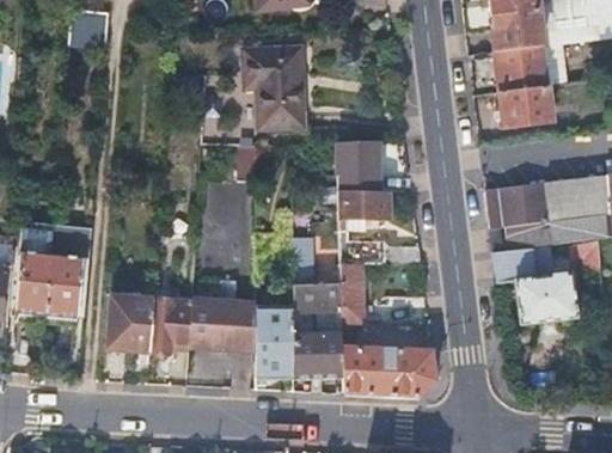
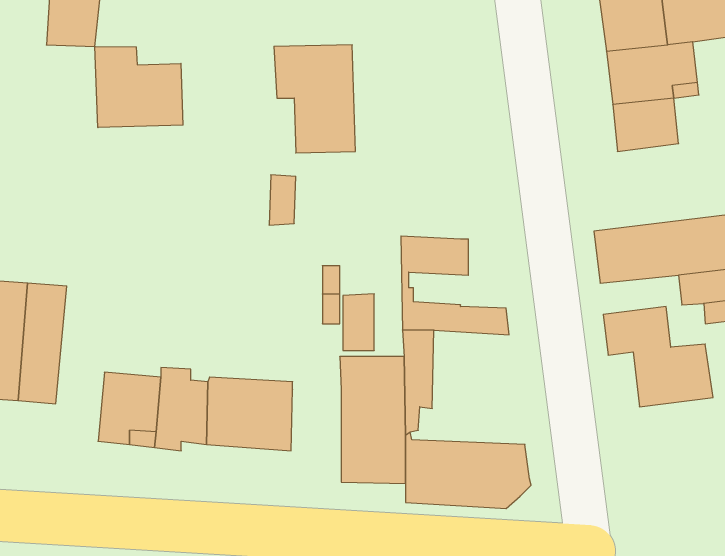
building: none -> [95,46,183,128]
building: [337,143,384,194] -> none
building: [255,308,293,379] -> none

